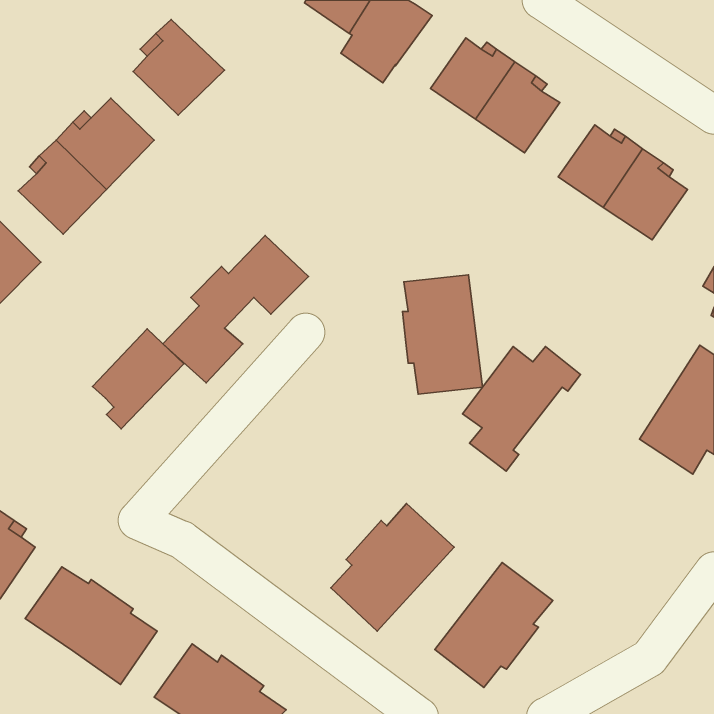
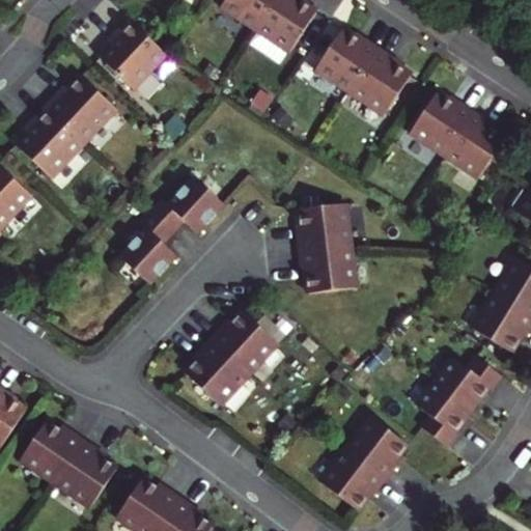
building: [92,329,184,429] -> none
building: [463,346,580,471] -> [417,357,504,449]
building: [331,504,454,631] -> [187,311,278,406]

